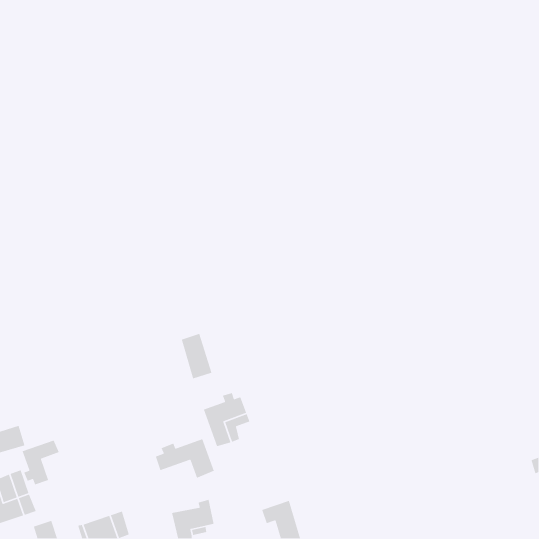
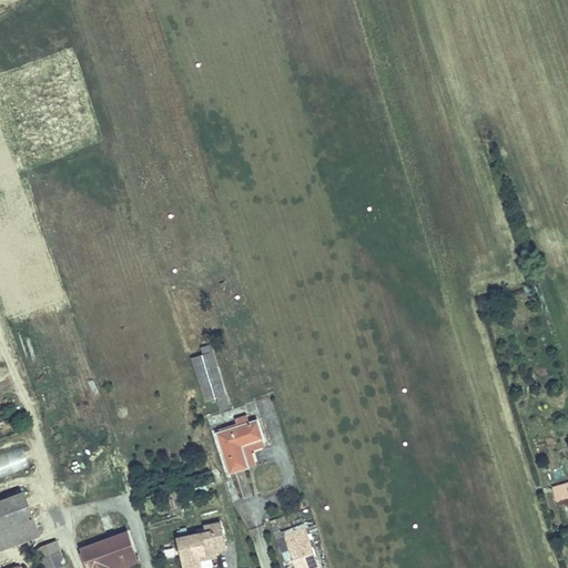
building: [155,438,215,479] -> none
building: [22,440,60,485] -> none

